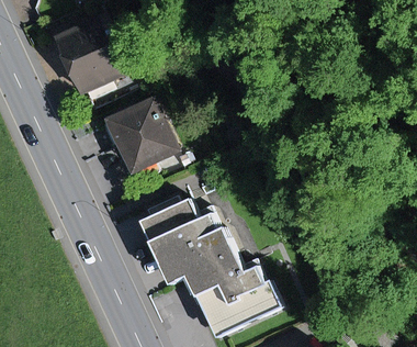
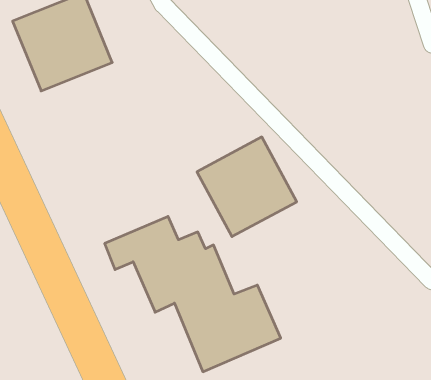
building: [98,94,182,179] -> [197,137,297,237]

